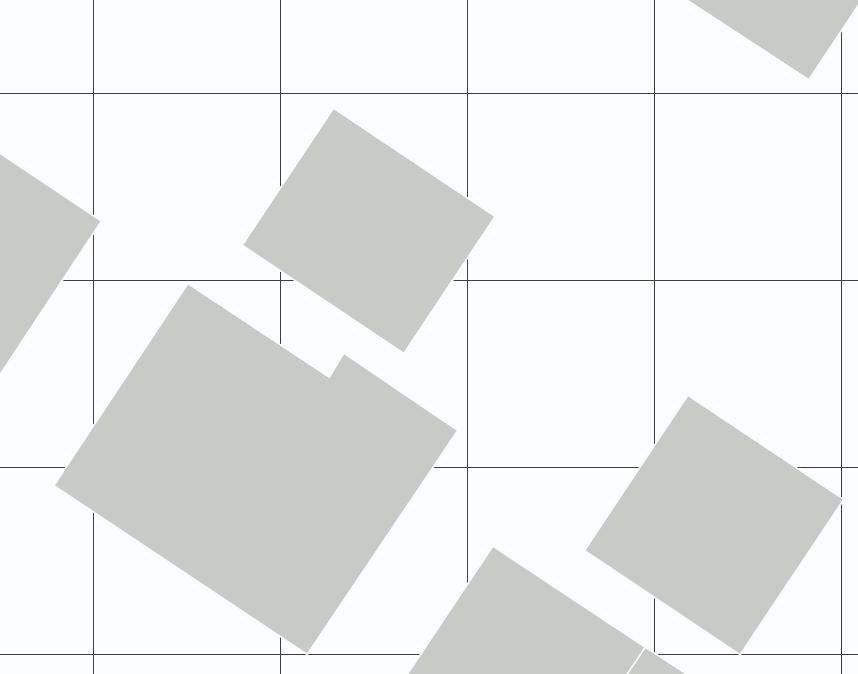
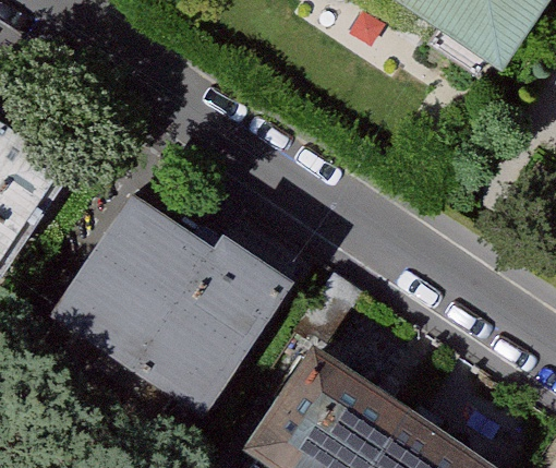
building: [242,108,495,353] -> none
building: [584,395,844,655] -> none

